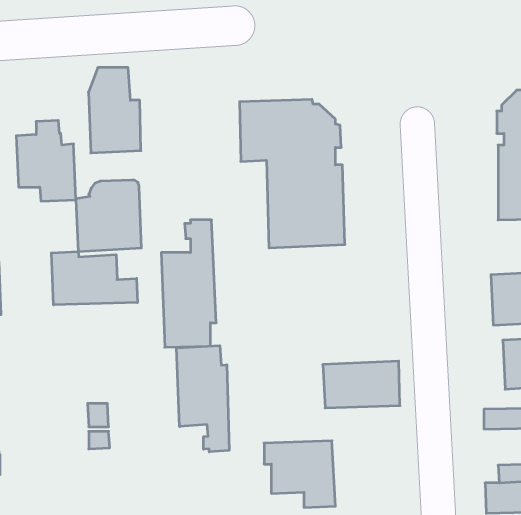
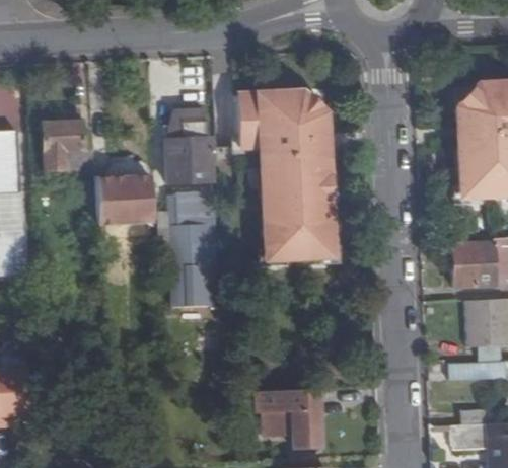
building: [88,68,141,153] -> [165,110,211,184]
building: [51,251,137,305] -> none
building: [177,346,229,452] -> none
building: [323,361,400,408] -> [262,219,329,259]

